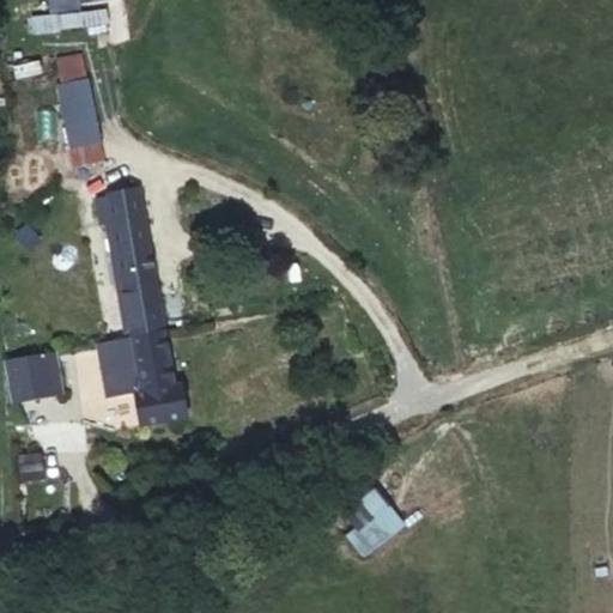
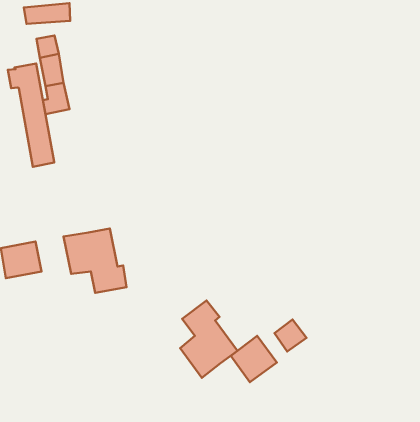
building: [92,187,159,336] -> [8,63,54,167]
building: none -> [180,300,237,378]
building: none -> [275,320,307,351]

